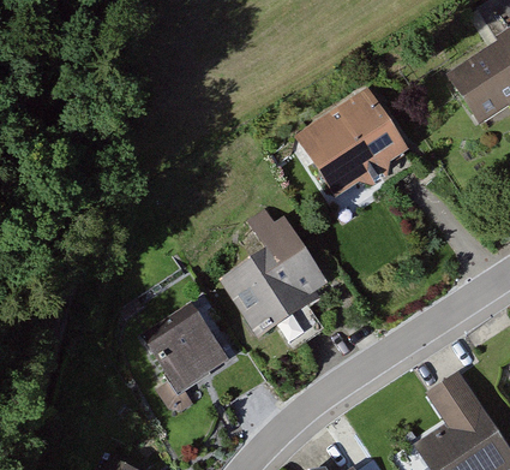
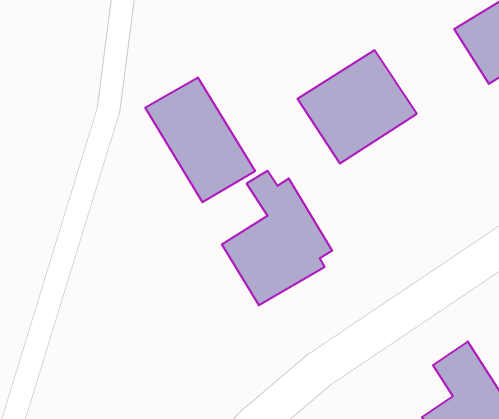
building: none -> [145,77,255,202]
building: [142,303,230,394] -> none

